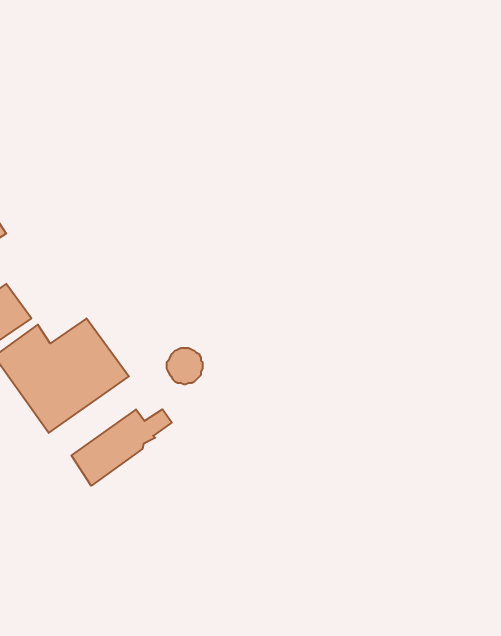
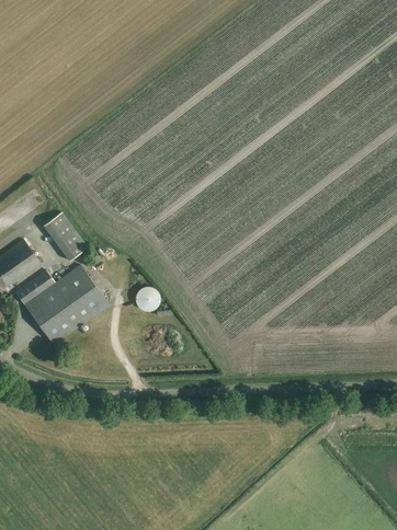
building: none -> [45,214,86,261]
building: [71,409,172,486] -> none

